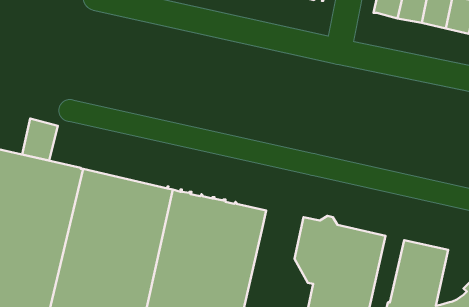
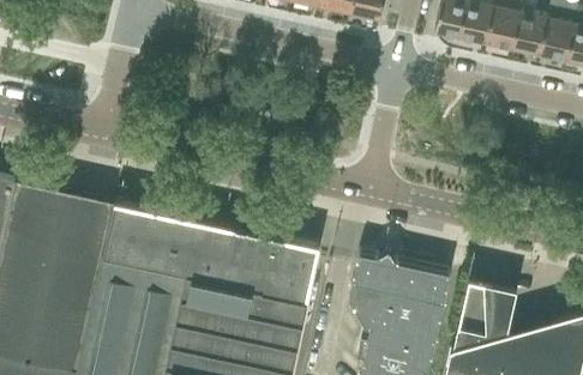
building: [22,118,58,161] -> none

